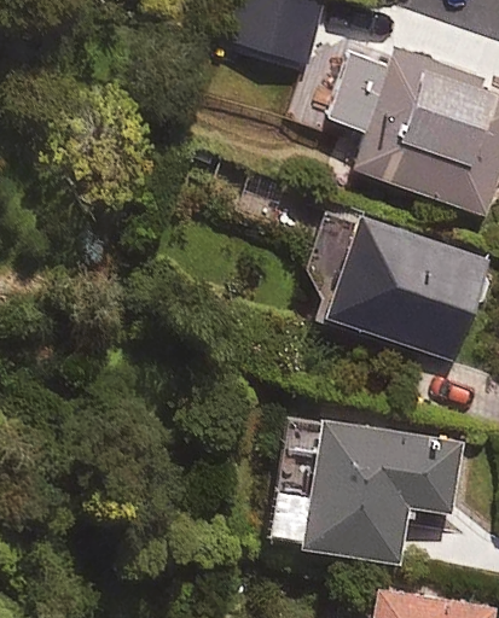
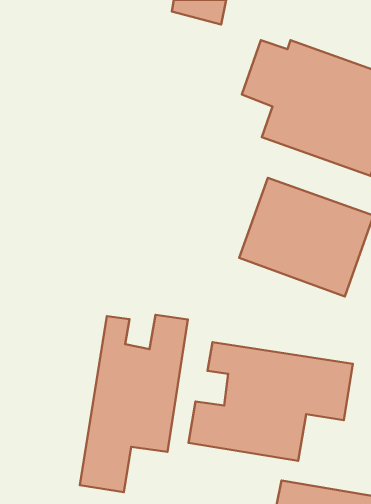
building: none -> [80,315,188,492]

